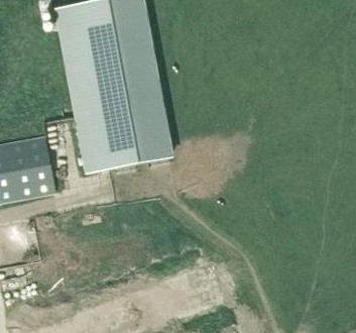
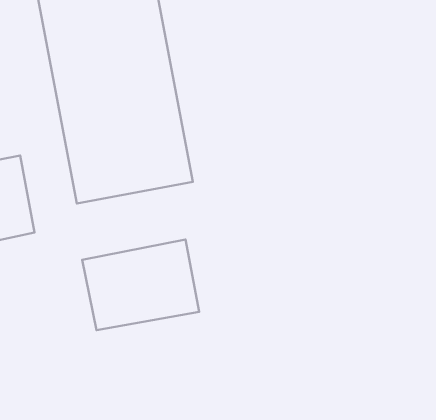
building: none -> [82,240,199,330]

